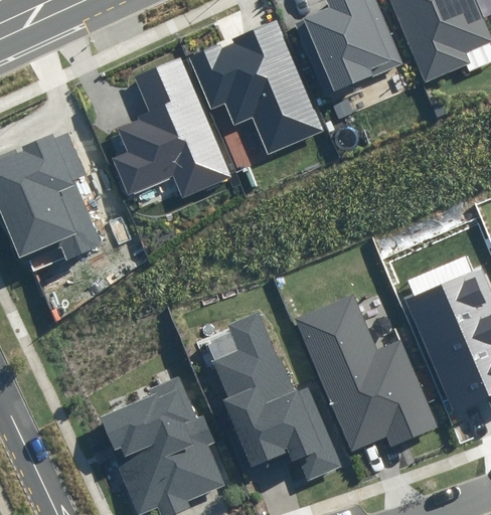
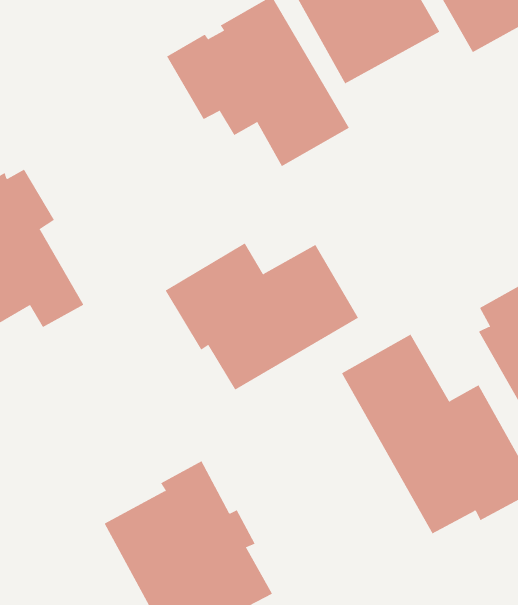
building: [113,56,230,197] -> none
building: none -> [165,243,359,390]
building: [209,310,340,480] -> none

